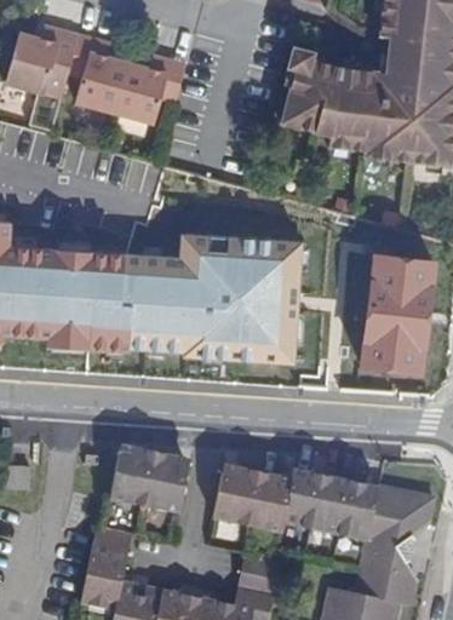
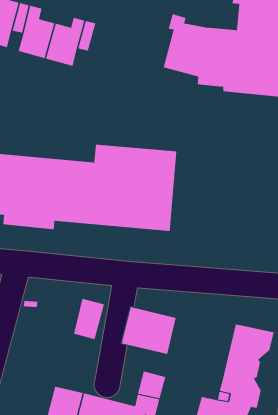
building: [360,256,432,373] -> none
building: [109,442,161,503] -> none
building: [286,470,379,540] -> none
building: [81,523,133,605] -> none

